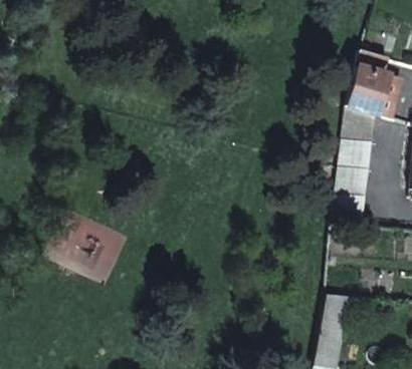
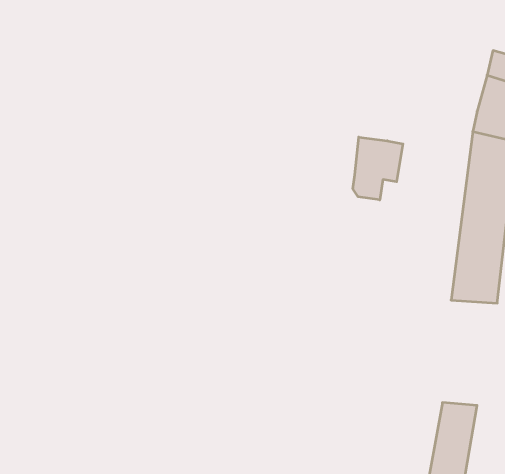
building: none -> [353,137,403,200]

